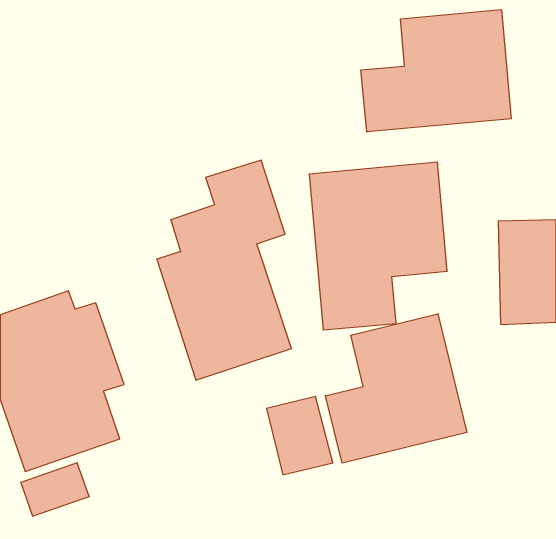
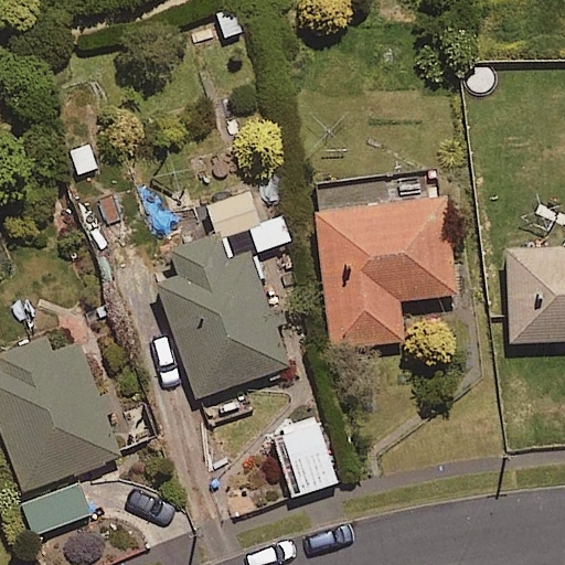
building: [361,10,511,132] -> none
building: [325,314,467,463] -> none

